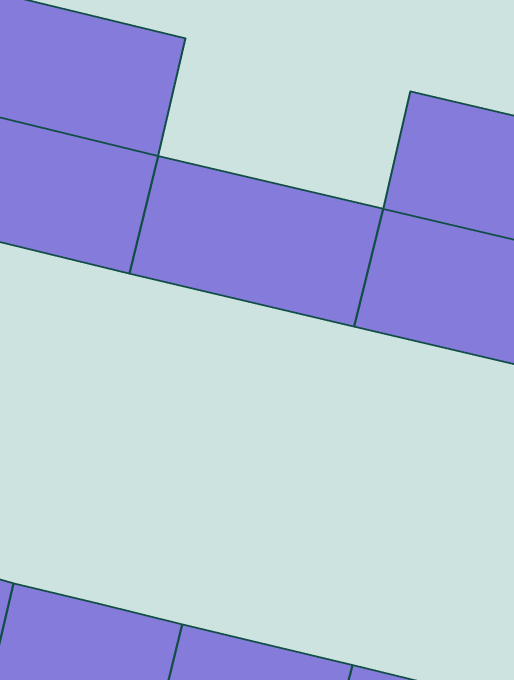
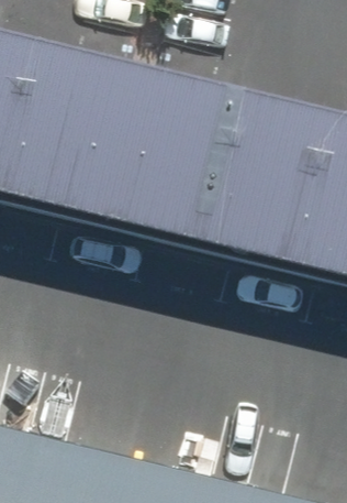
building: none -> [114,67,277,177]

